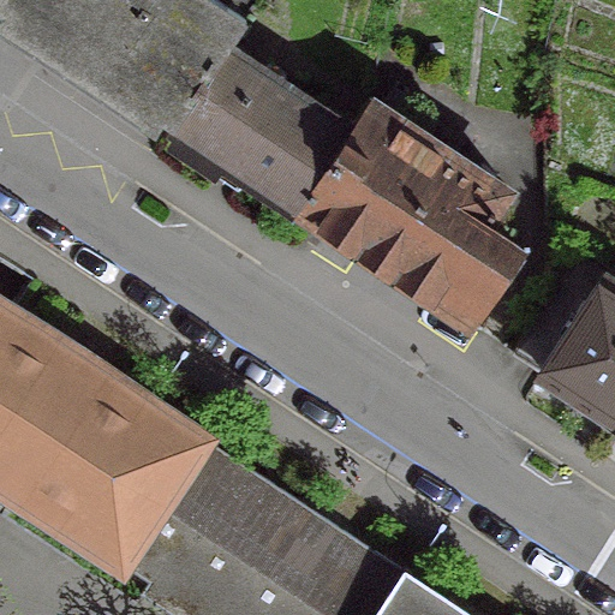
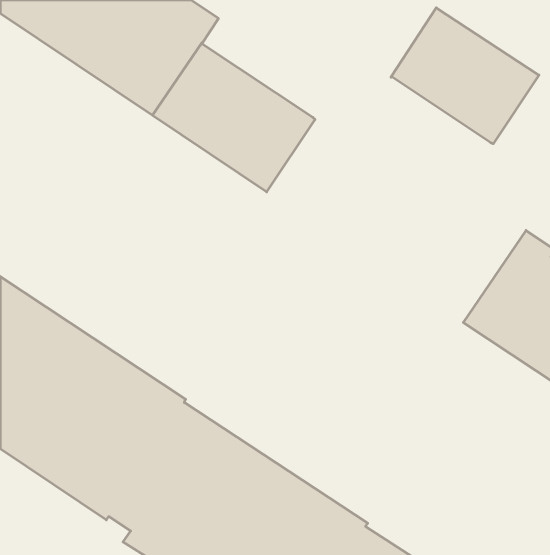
building: none -> [391,8,539,144]
building: [304,103,526,329] -> none

